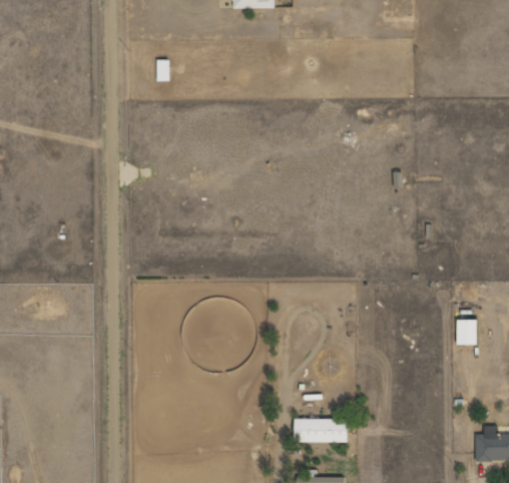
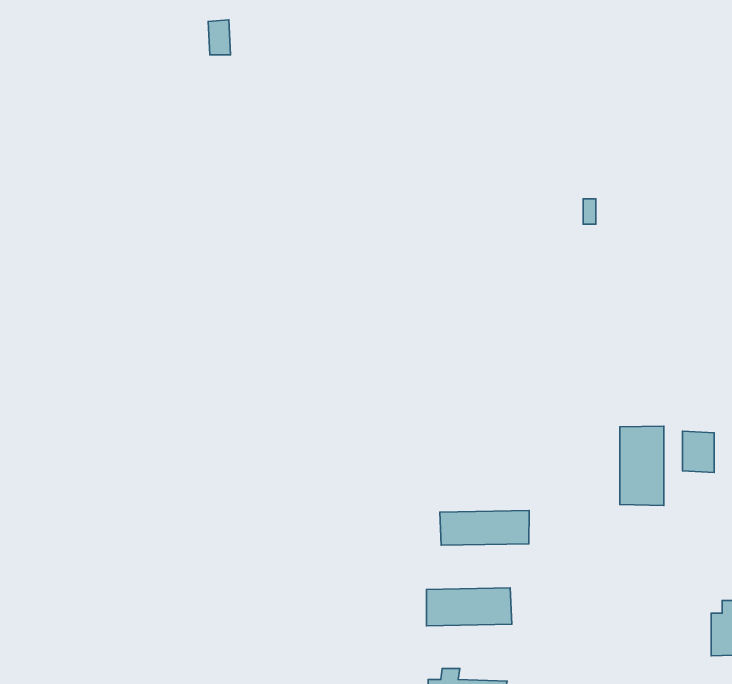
building: none -> [620,426,664,505]
building: none -> [440,510,529,545]

